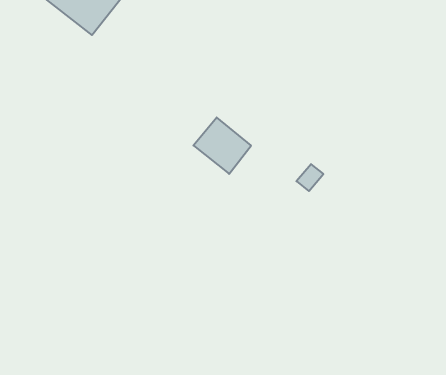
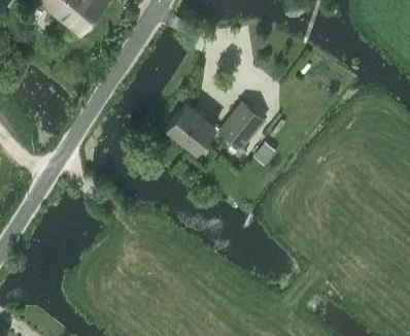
building: none -> [218,102,266,150]

